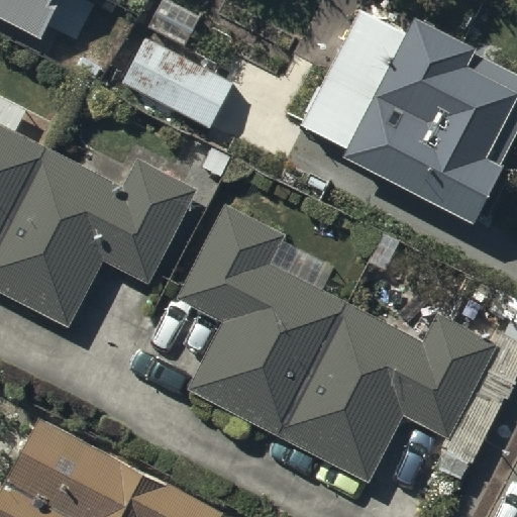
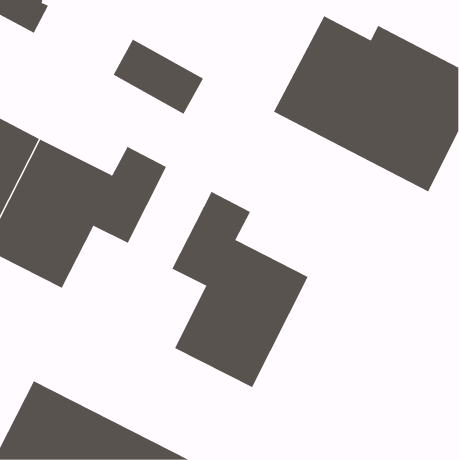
building: [283,310,488,478] -> none

